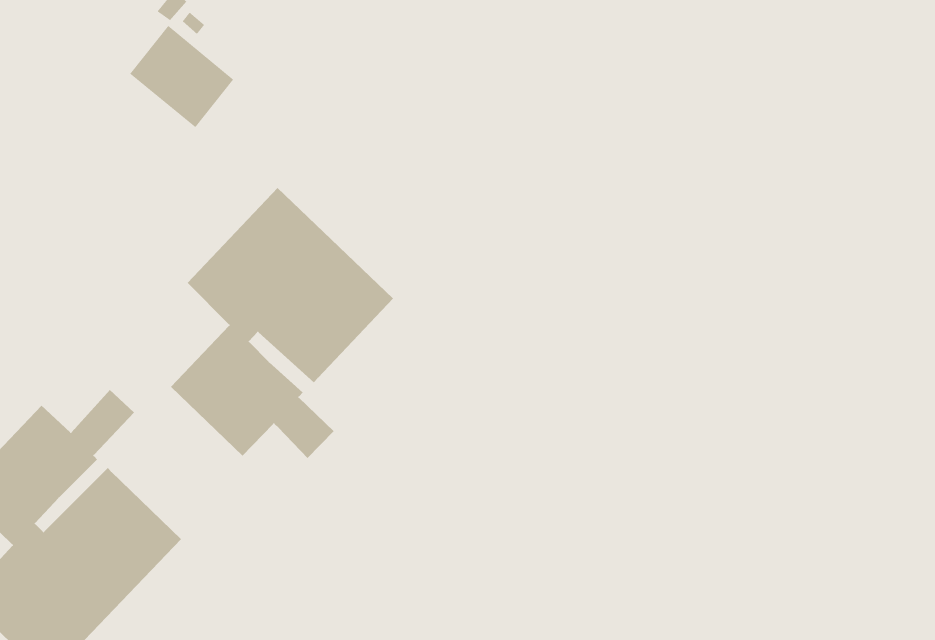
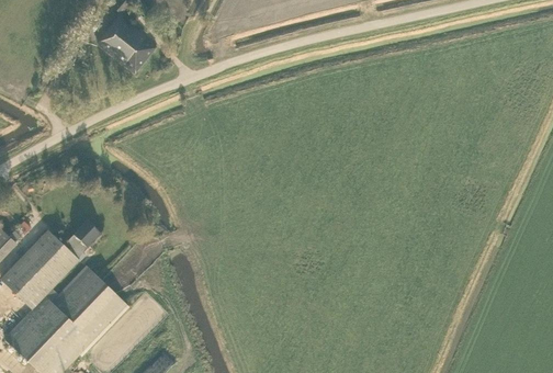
building: [170,187,394,459] -> none

